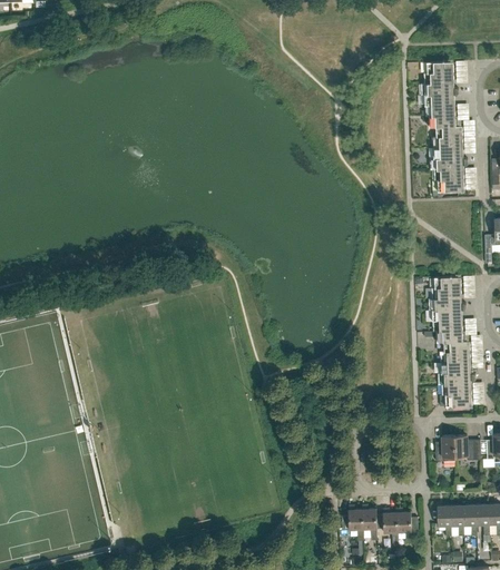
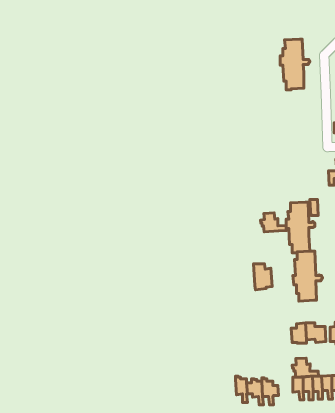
building: [432,126,471,191] -> none
building: none -> [261,213,286,232]
building: none -> [254,264,272,290]
building: none -> [292,358,319,377]
building: [344,505,366,541] -> none

